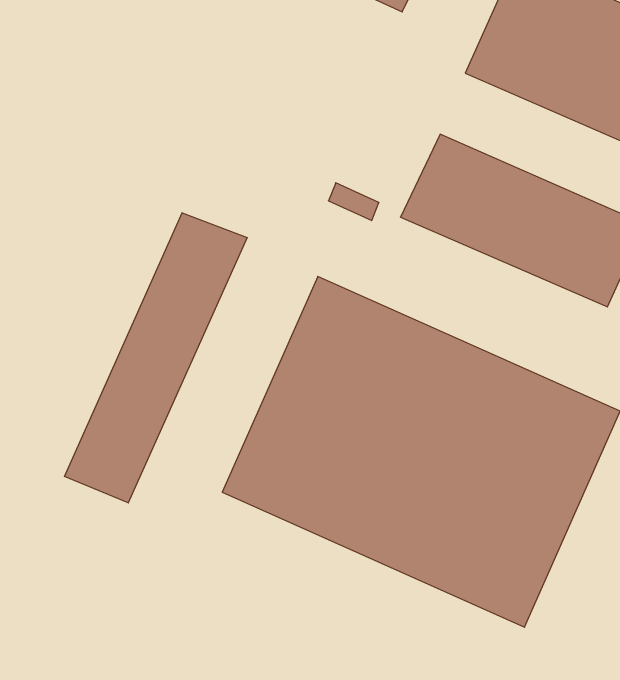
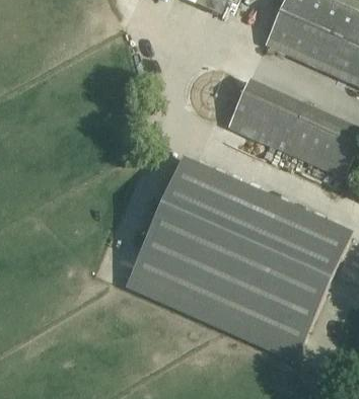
building: [64,213,247,503] -> none

